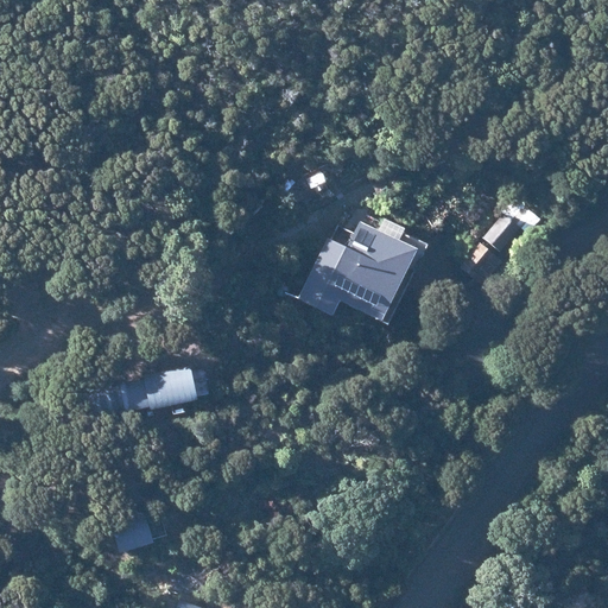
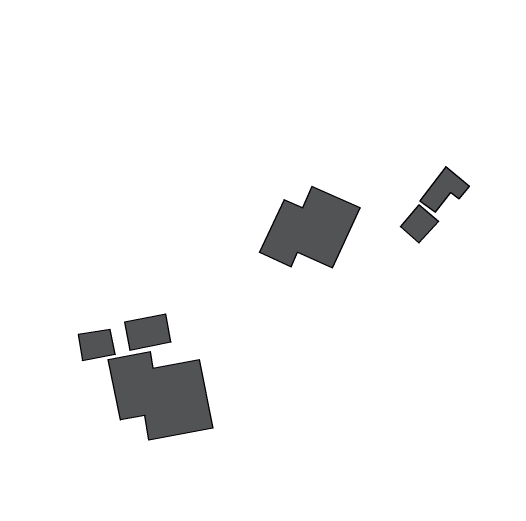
building: none -> [108,352,213,440]

